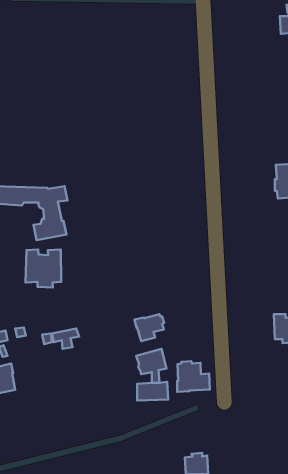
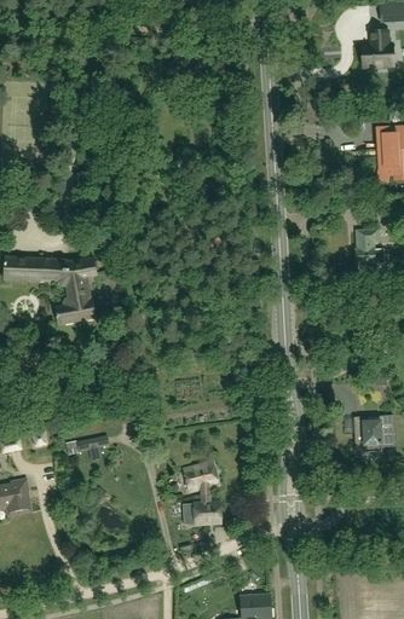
building: [26,249,61,287] -> none
building: [134,314,164,341] -> none
building: [177,361,210,392] -> none

